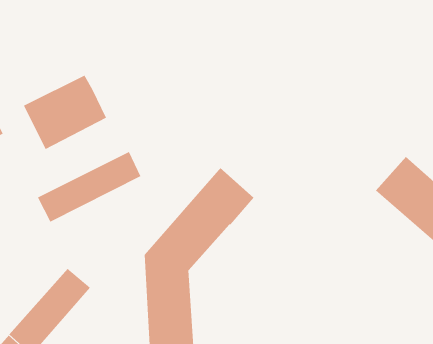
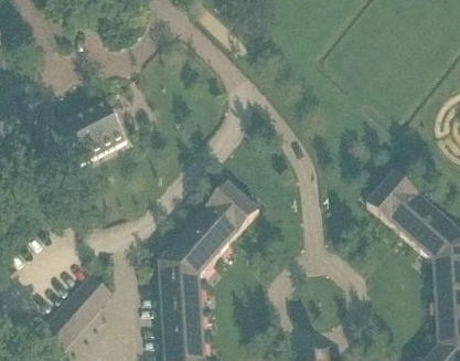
building: [37,151,141,223] -> none

